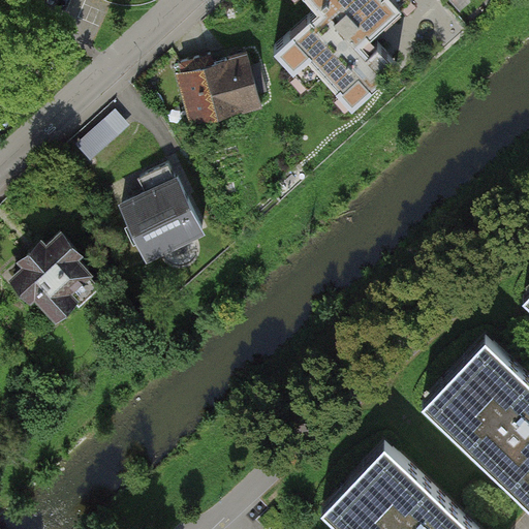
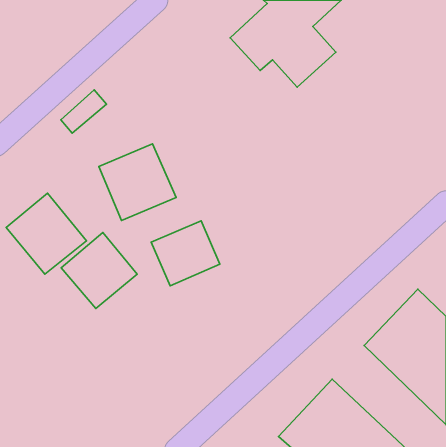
building: [176,56,261,123] -> none
building: none -> [151,221,220,286]
building: none -> [61,233,137,309]

